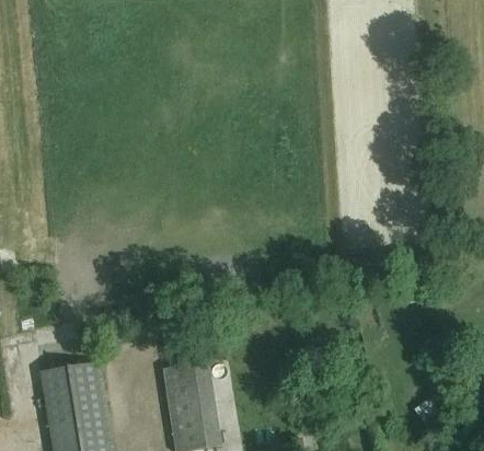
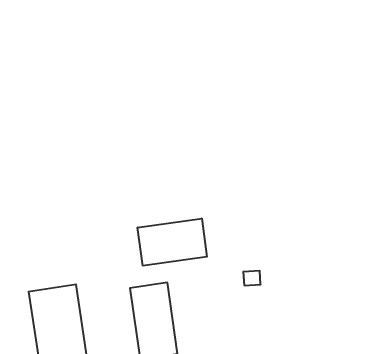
building: none -> [138,218,207,266]

